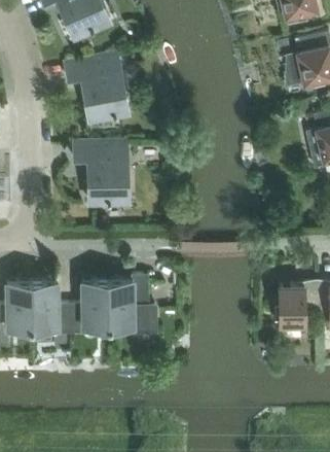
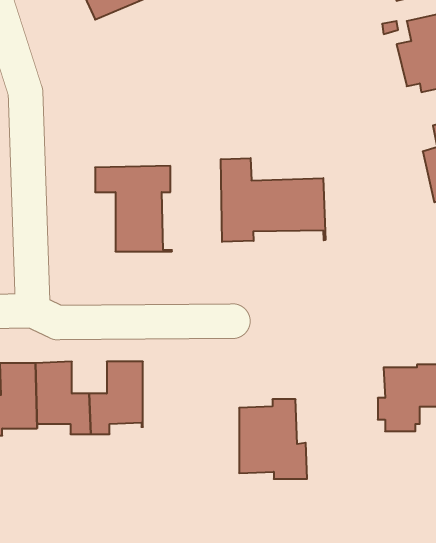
building: [65,56,129,121] -> none
building: none -> [221,158,325,242]
building: [108,276,156,333] -> [239,399,307,479]

